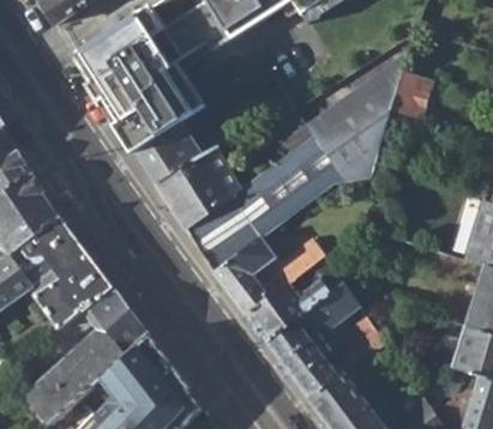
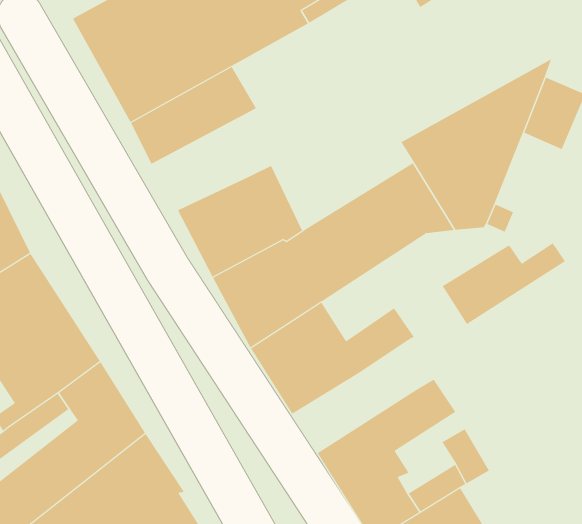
building: [136,109,223,181] -> none
building: [246,279,330,340] -> [442,243,566,325]

